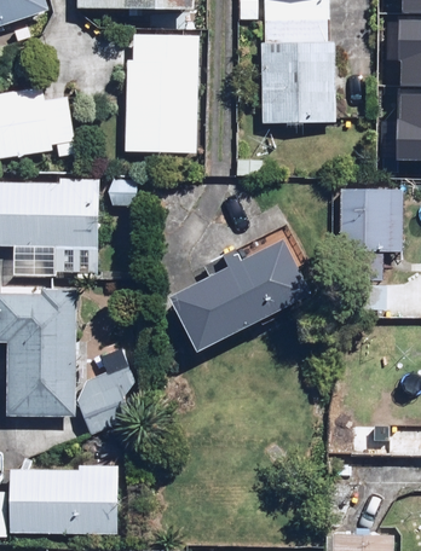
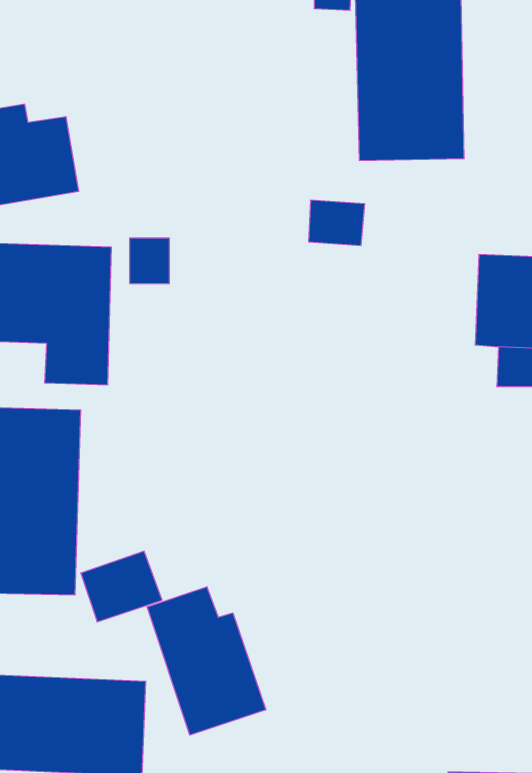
building: [122,34,201,151] -> none
building: [162,219,310,355] -> none
building: none -> [147,587,266,735]

